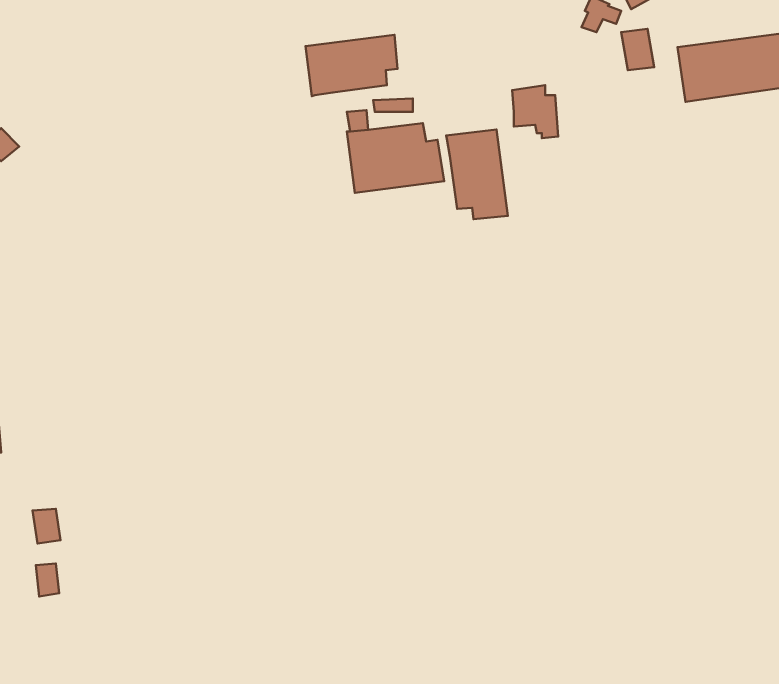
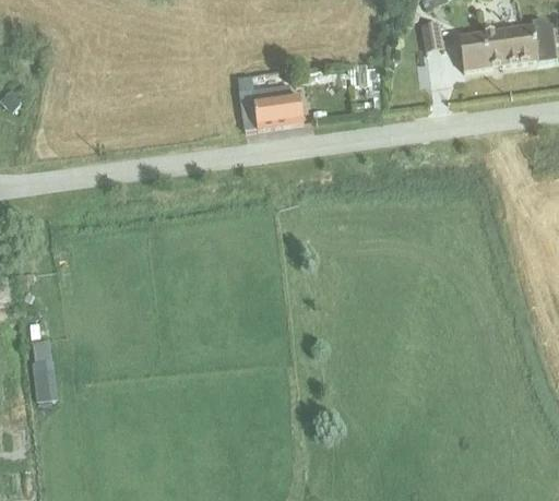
building: [306,35,398,96] -> none
building: [446,129,508,219] -> none

